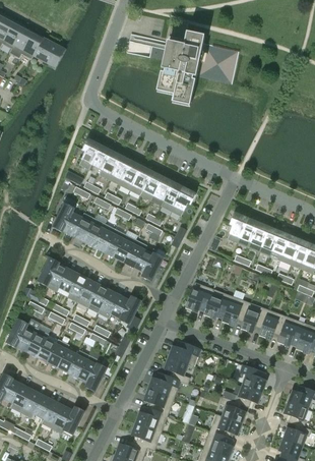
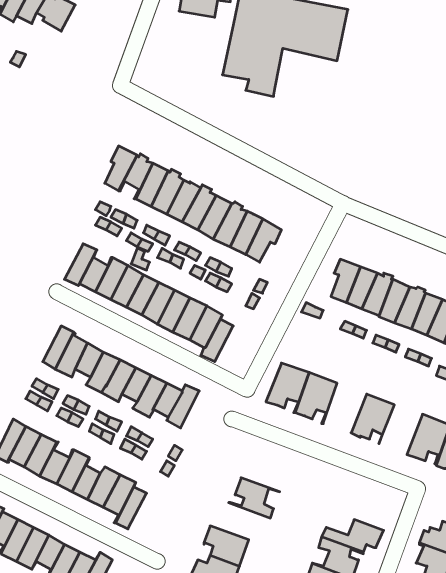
building: [222,295,250,328] -> none
building: [258,309,287,342] -> none
building: [168,342,199,366] -> none
building: [239,364,265,392] -> none
building: [147,373,187,398] -> none

